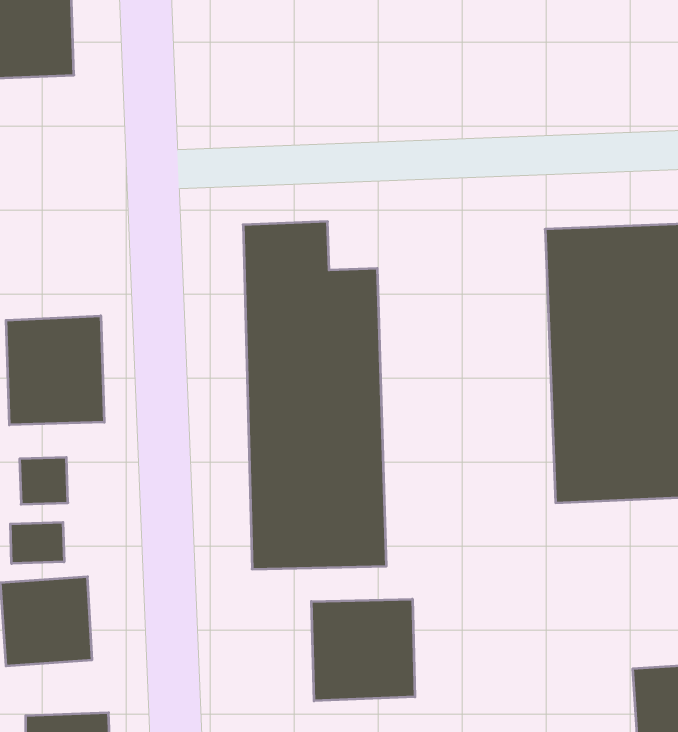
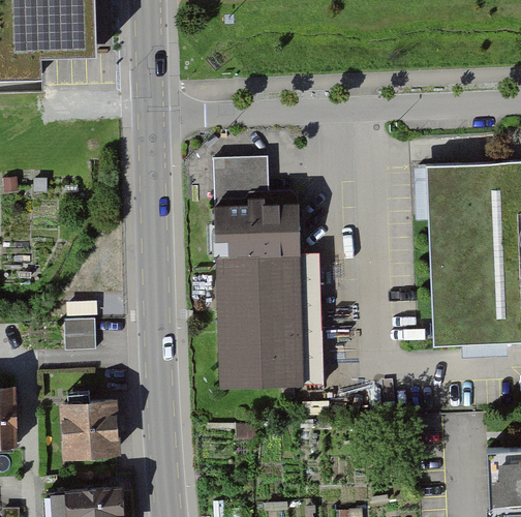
building: [6,316,104,425] -> none
building: [10,522,64,564] -> none
building: [311,599,415,701] -> none

